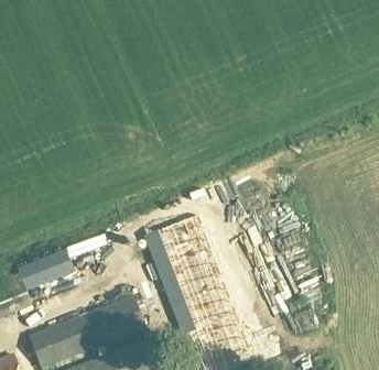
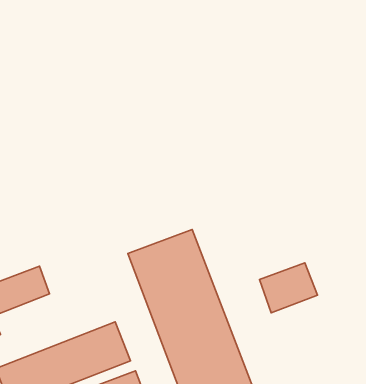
building: none -> [259,263,317,313]

